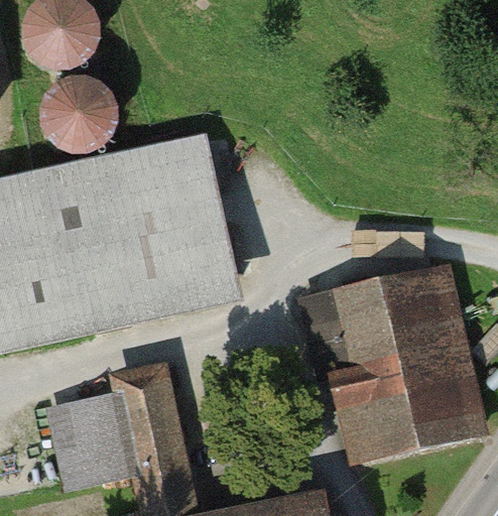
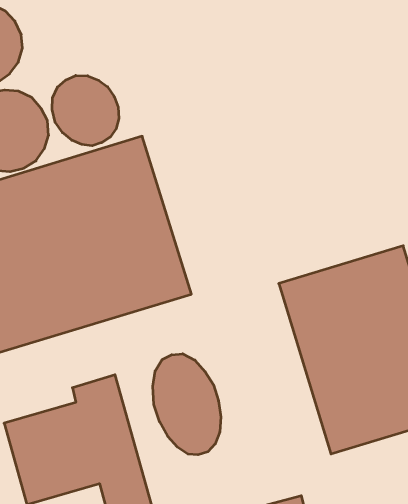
building: none -> [52,75,119,146]
building: none -> [153,354,221,455]

